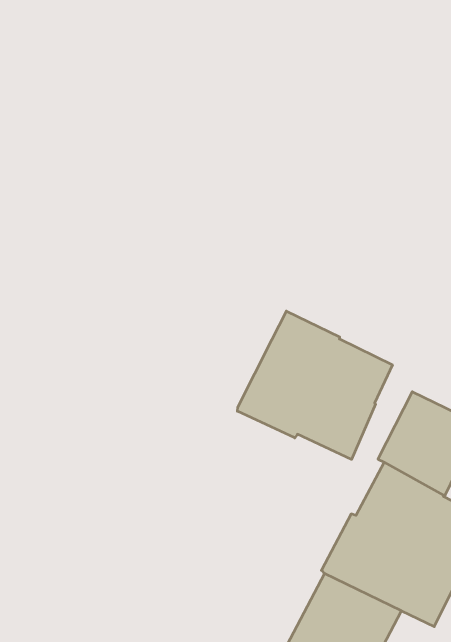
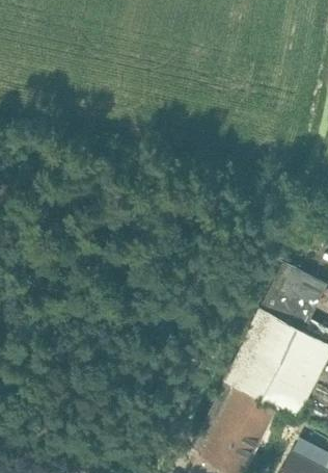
building: [237,311,392,459] -> none

